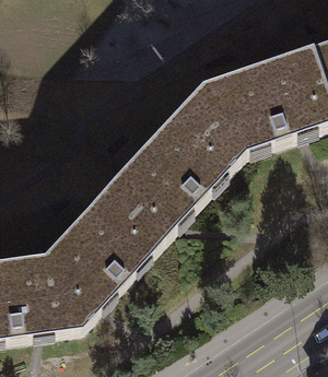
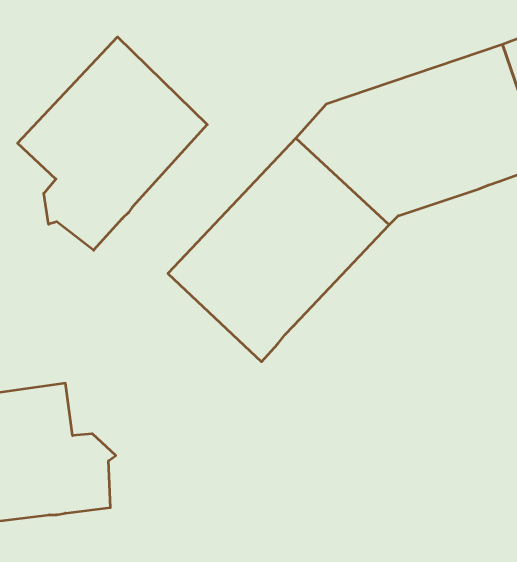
building: none -> [18,37,207,250]
building: [45,186,164,328] -> none

